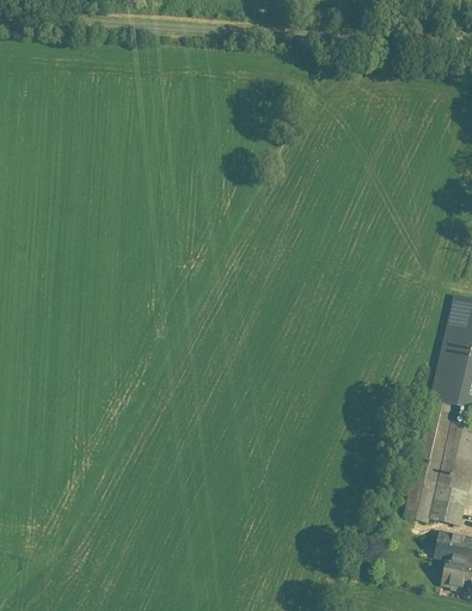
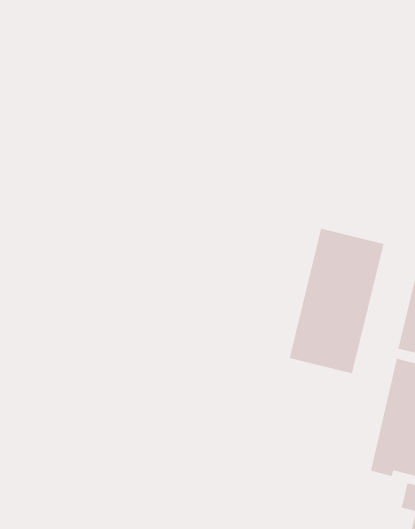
building: none -> [289,228,384,374]

